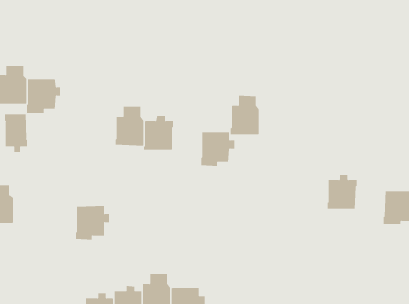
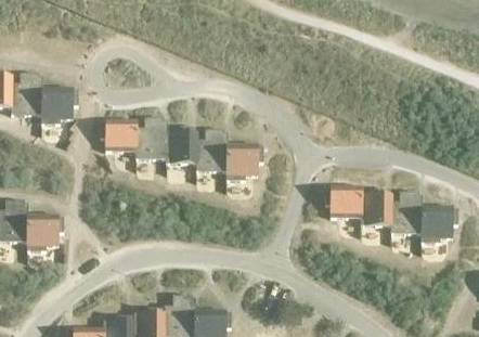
building: [230,95,260,135] -> [196,128,228,170]
building: none -> [100,119,137,151]
building: [4,113,28,153] -> none
building: none -> [325,185,362,218]
building: none -> [391,191,423,233]
building: [75,205,110,240] -> [27,213,64,250]

